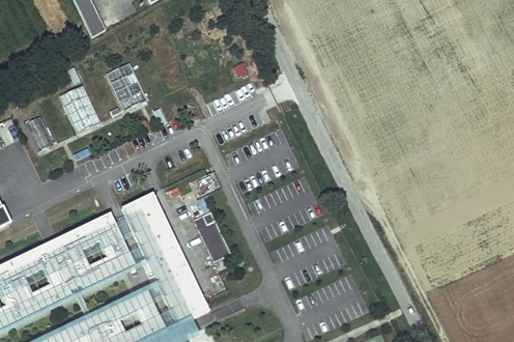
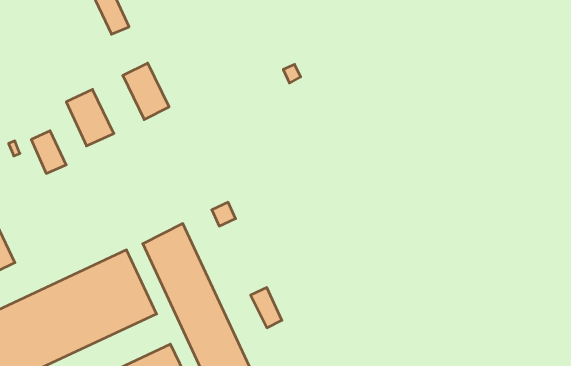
building: [191,208,217,241] -> none

